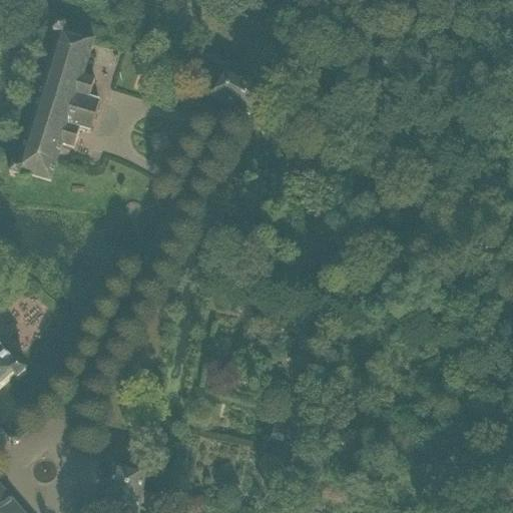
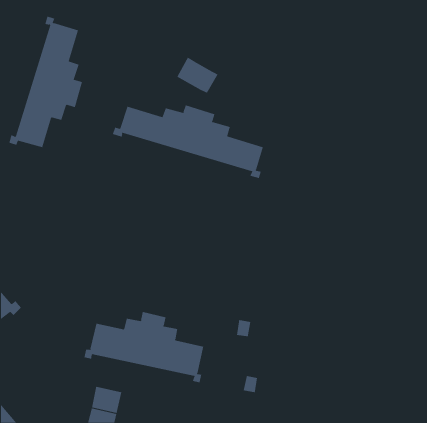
building: none -> [112,105,263,179]
building: none -> [84,311,204,383]

